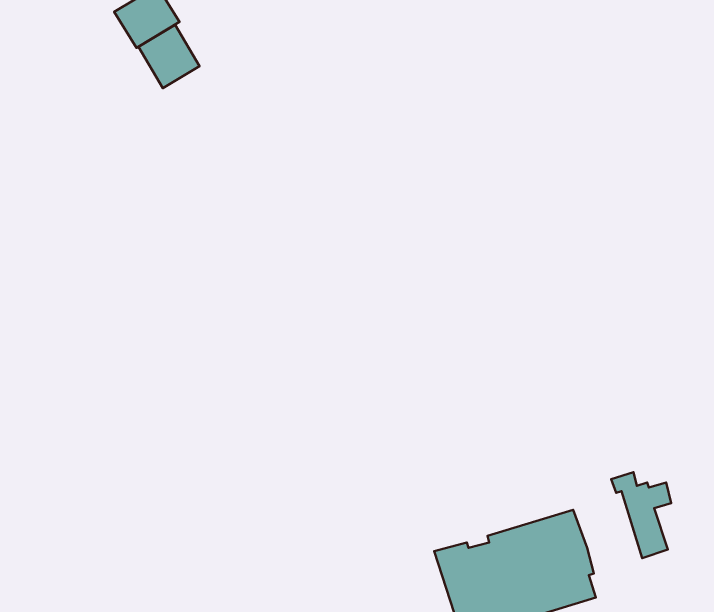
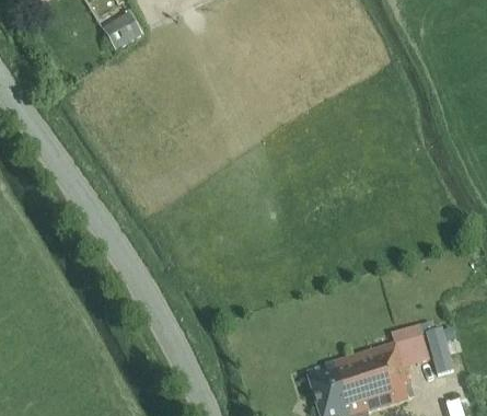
building: [138,25,199,88] -> none
building: none -> [391,323,429,367]

